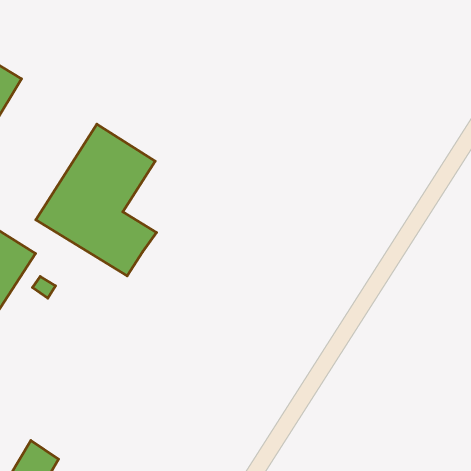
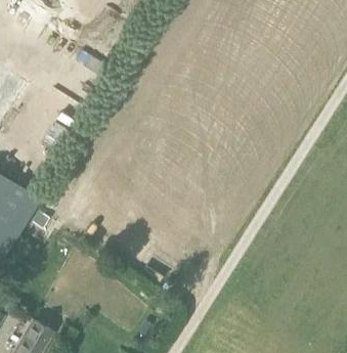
building: [36,124,156,276] -> none

